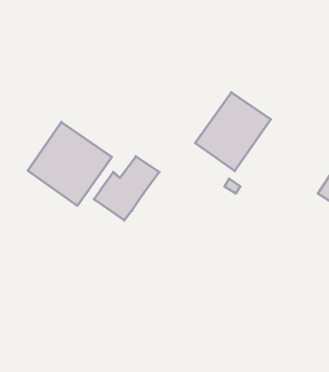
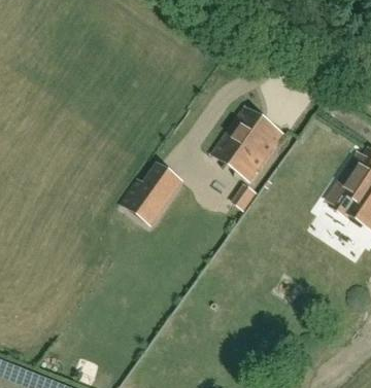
building: [28,122,112,206] -> none

